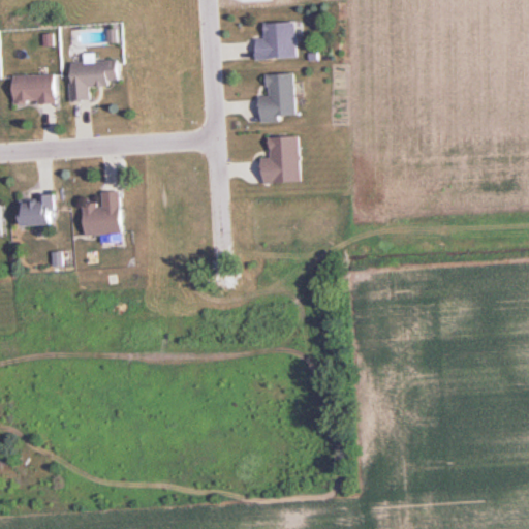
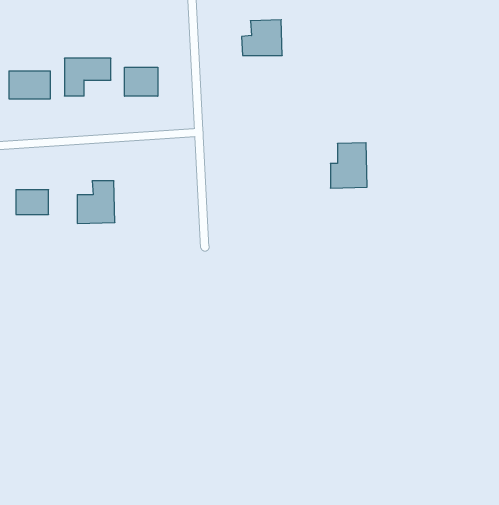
building: none -> [125,67,158,96]
building: [256,72,293,120] -> none
building: [260,135,299,183] -> [330,143,367,188]

